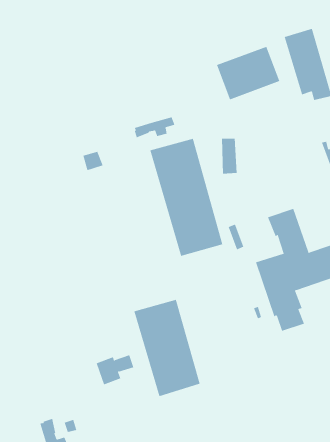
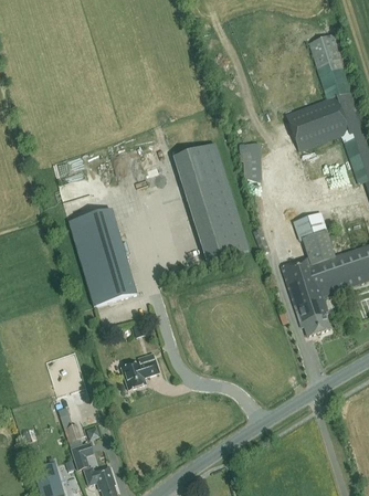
building: [216,46,280,100] -> [285,96,349,150]
building: [134,116,175,138] -> none
building: [133,299,201,397] -> [68,209,136,307]

